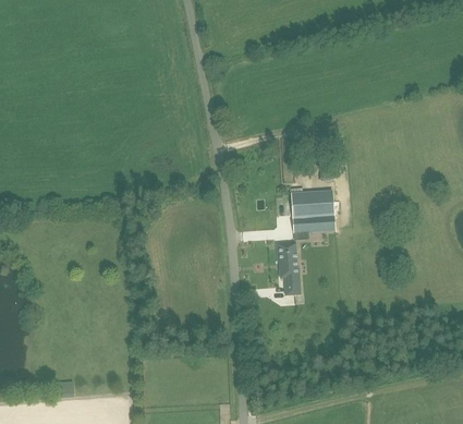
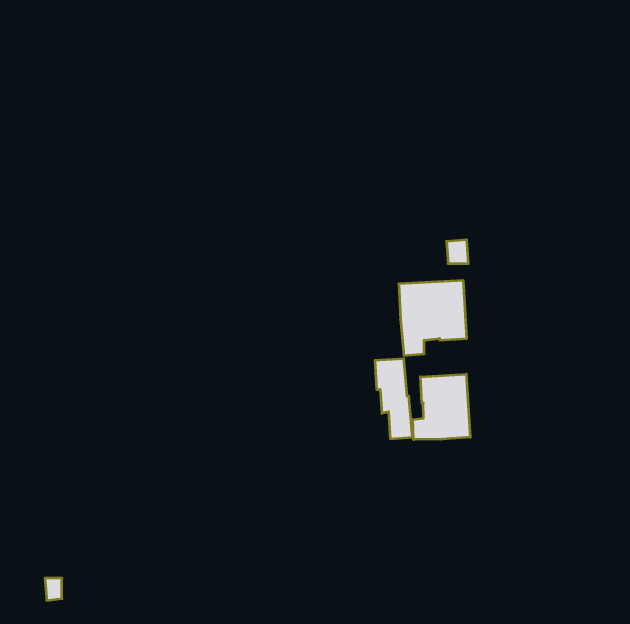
building: none -> [413,374,470,440]

